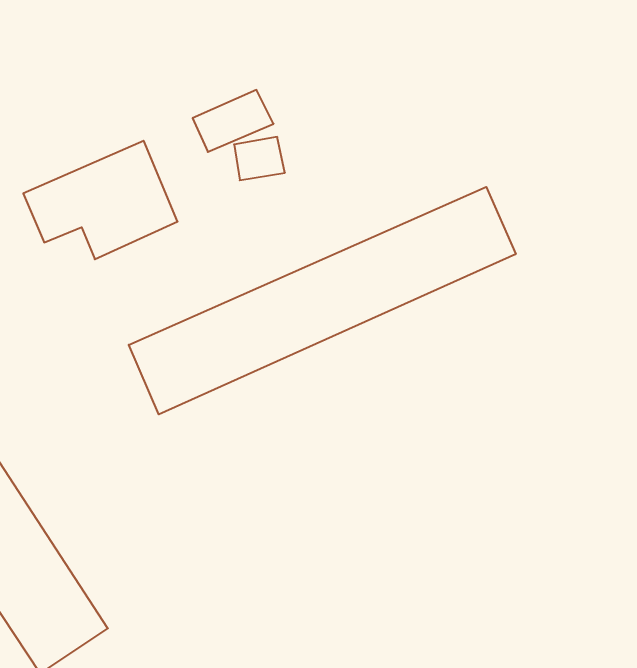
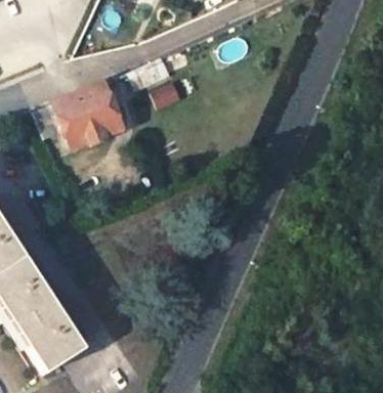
building: [129,187,516,414] -> none

